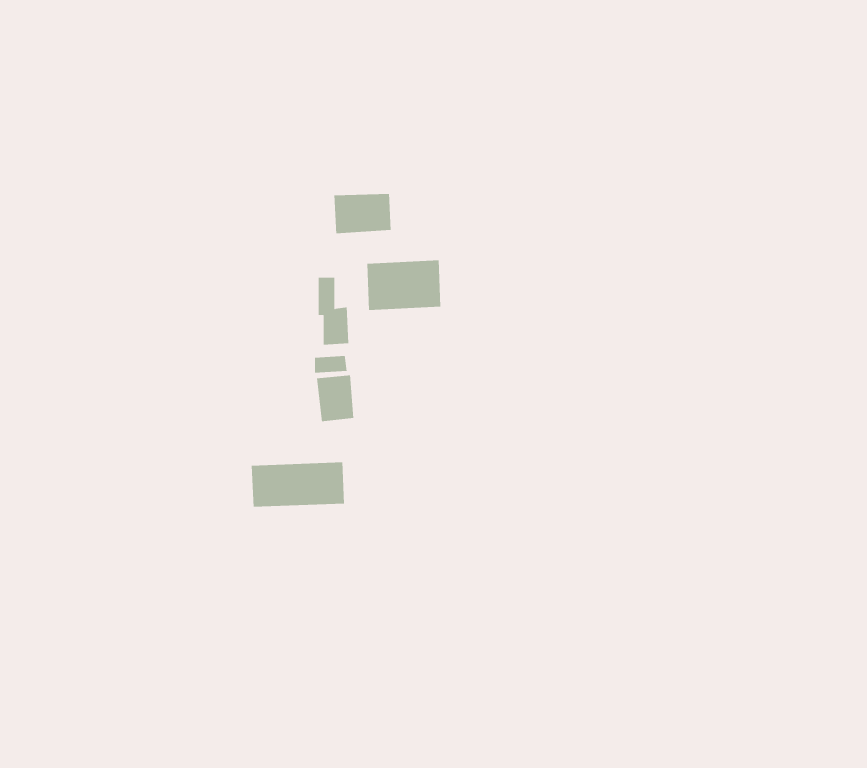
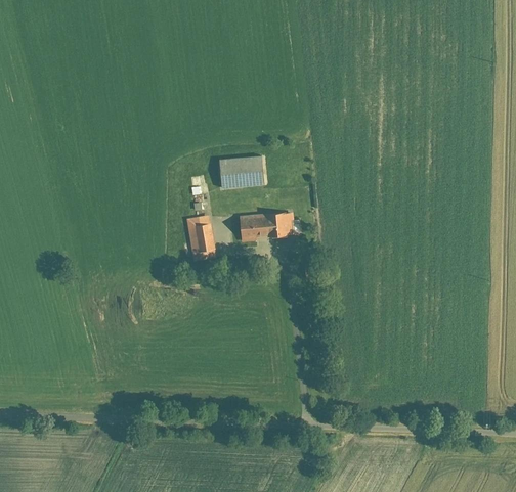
building: [334,193,391,234] -> none
building: [251,462,345,507] -> [239,214,294,240]

